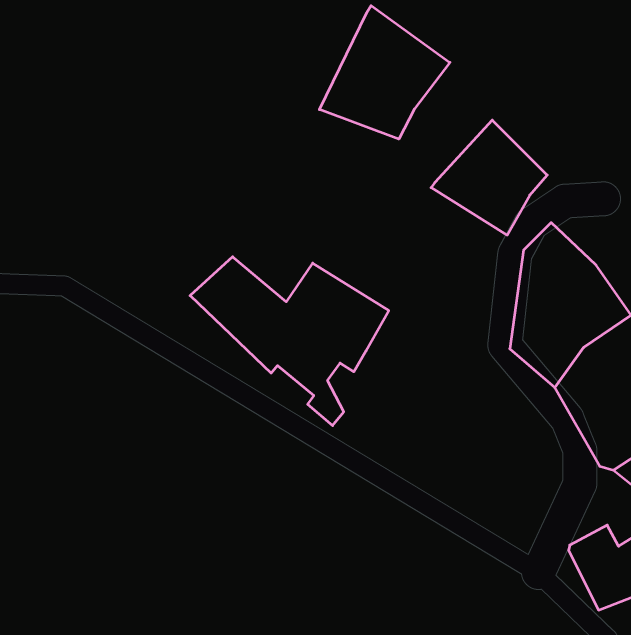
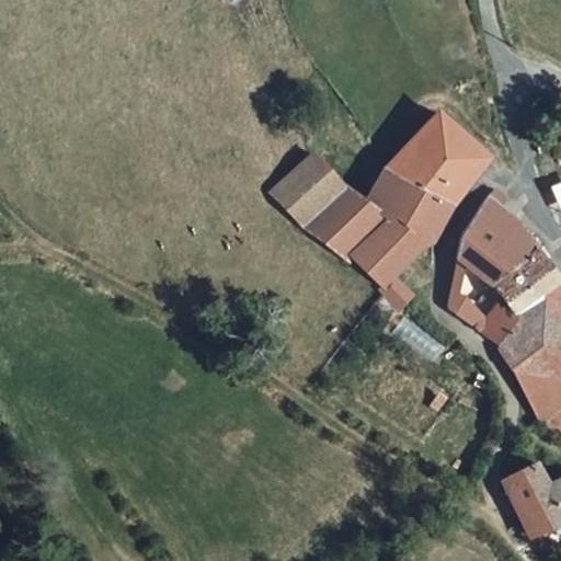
building: [319,6,450,139] -> none
building: [190,257,389,426] -> [277,162,451,310]

